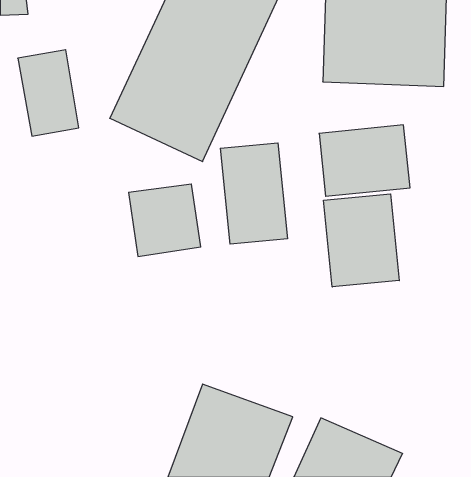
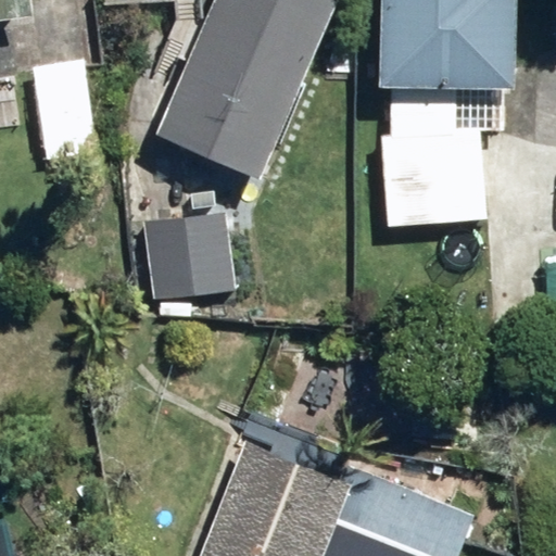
building: [220,143,287,244] -> none
building: [324,194,399,287] -> none

